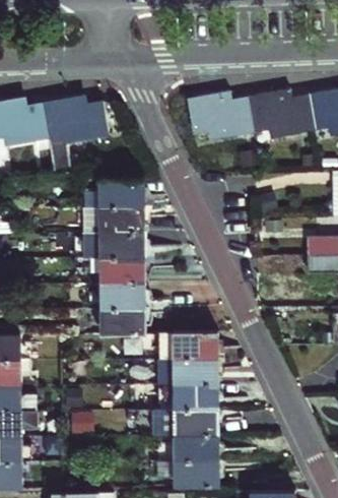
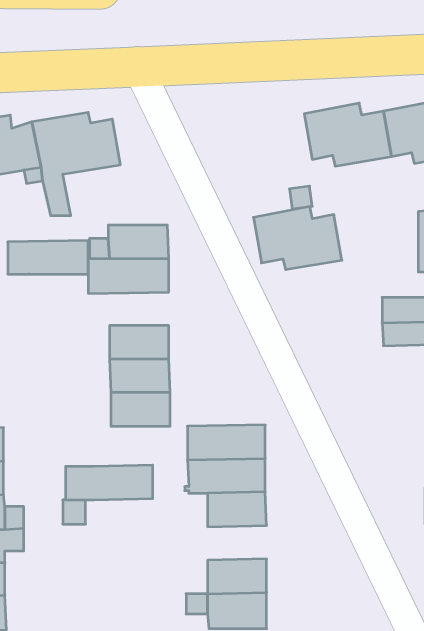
building: [186,91,253,139] -> [253,207,342,270]
building: [83,233,144,258] -> [8,241,88,274]
building: [152,410,218,436] -> [66,465,153,500]

